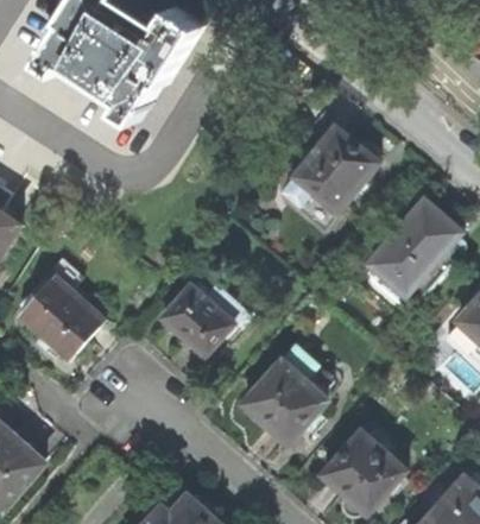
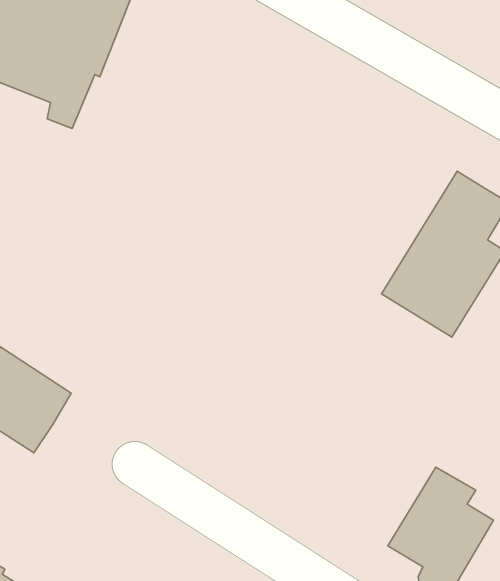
building: [279,125,378,212] -> none
building: [162,278,250,355] -> none
building: [242,345,331,442] -> none

